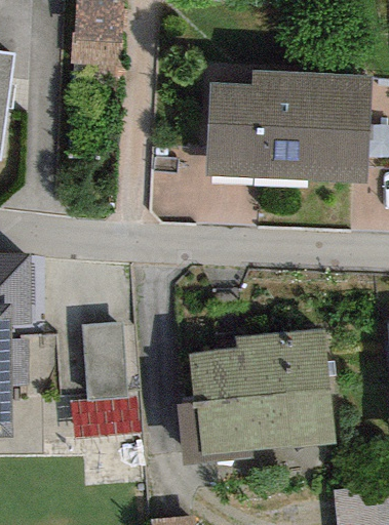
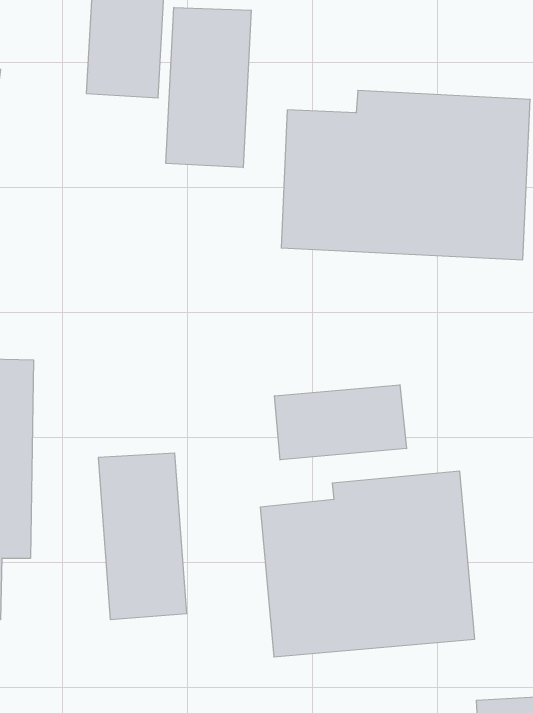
building: none -> [166,7,251,168]
building: none -> [275,385,407,460]

